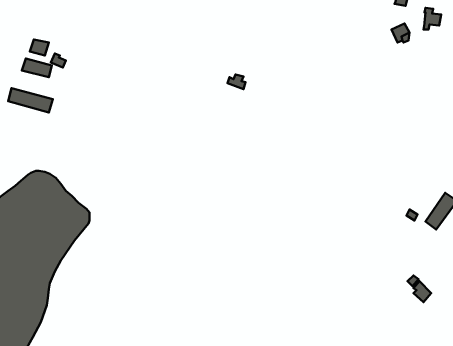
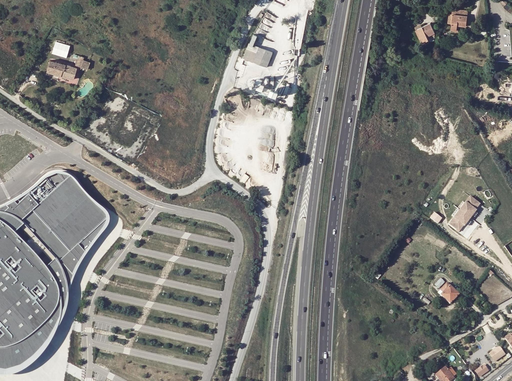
building: none -> [240,42,269,66]
building: [8,88,53,113] -> none

